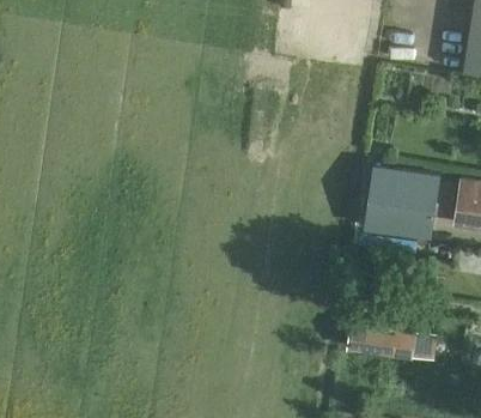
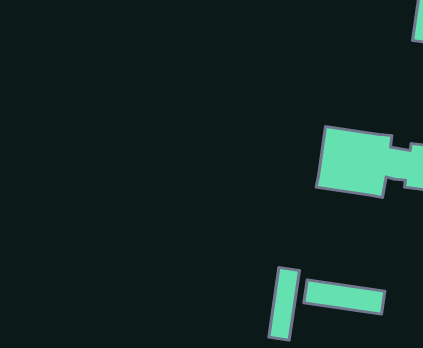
building: none -> [269,268,299,340]

